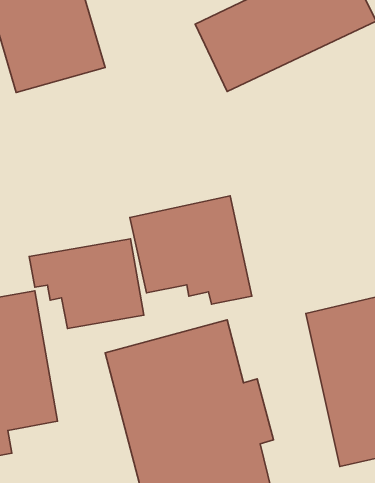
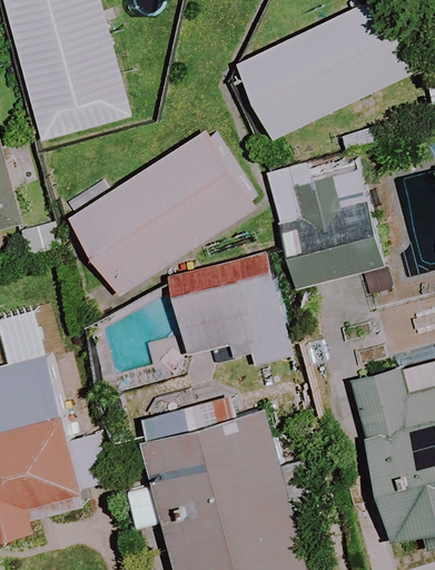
building: none -> [68,128,257,298]
building: none -> [263,154,377,291]
building: [29,239,144,328] -> none

